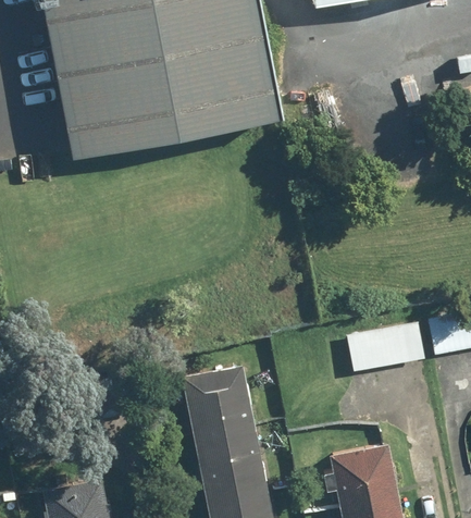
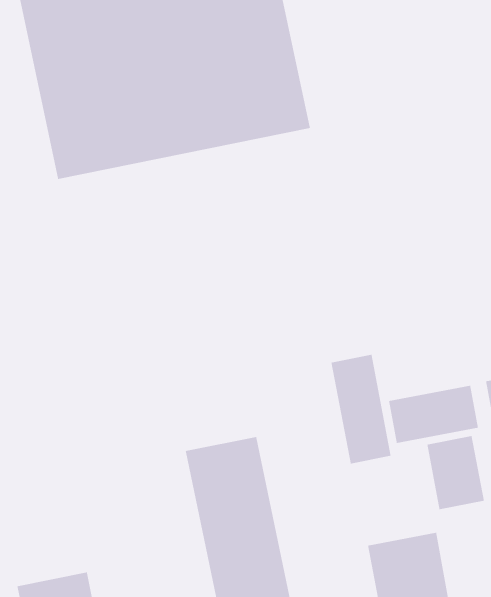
building: none -> [331,354,392,465]
building: none -> [426,435,485,510]

